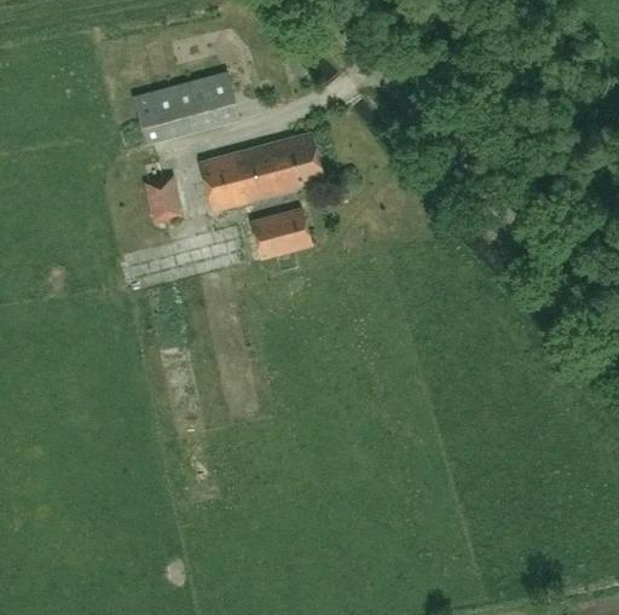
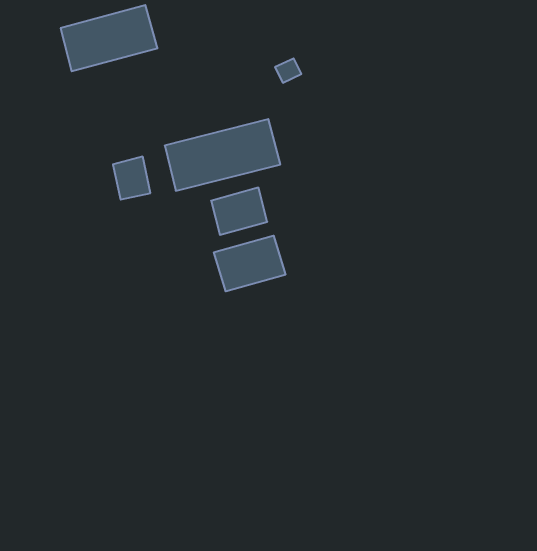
building: [133,71,239,144] -> [61,5,158,71]
building: none -> [214,236,285,291]

